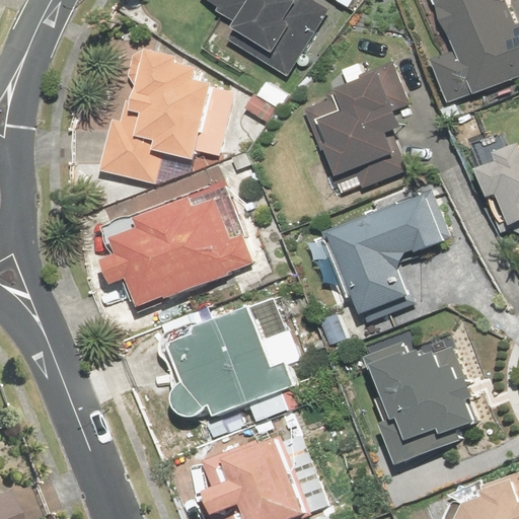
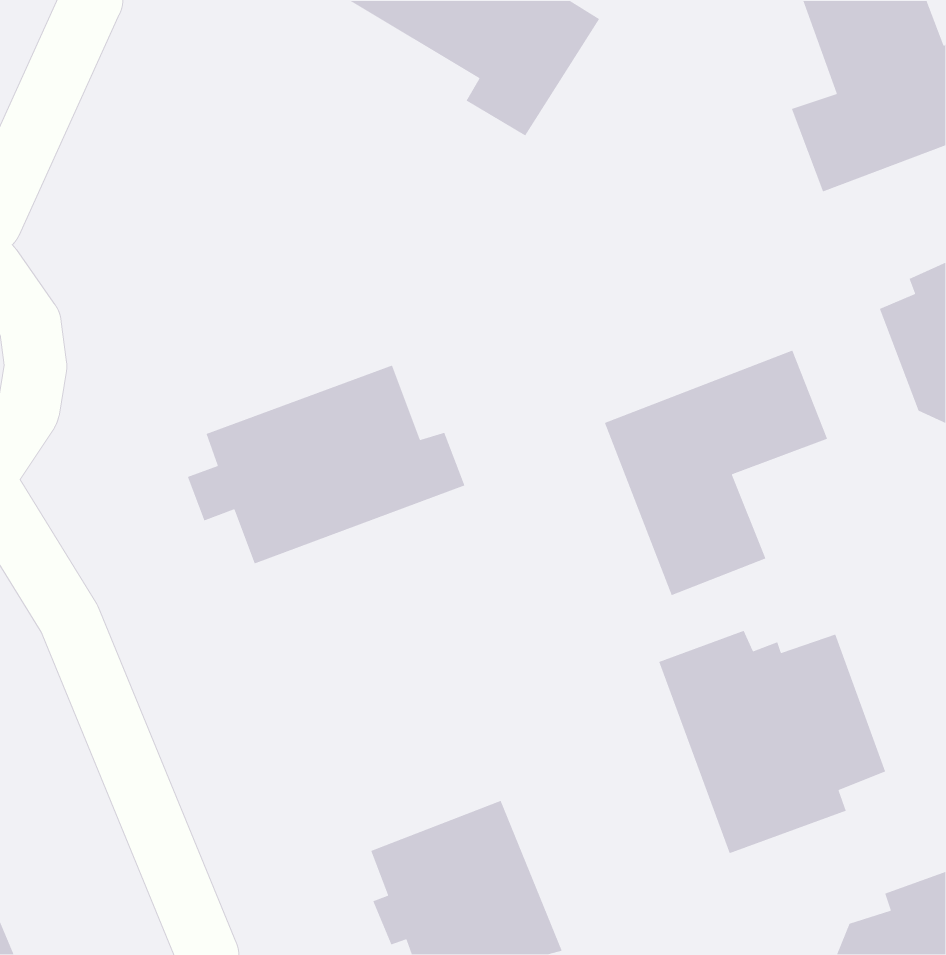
building: [99,51,235,181] -> none
building: [302,61,410,196] -> none
building: [151,305,293,426] -> none

